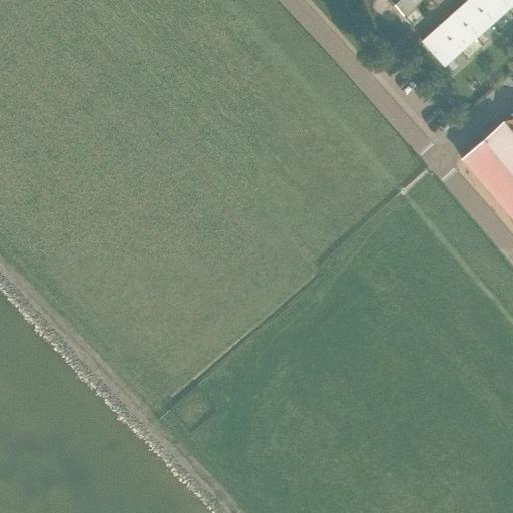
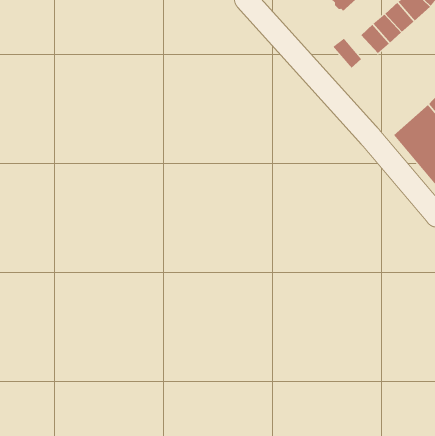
building: none -> [333,38,362,68]

